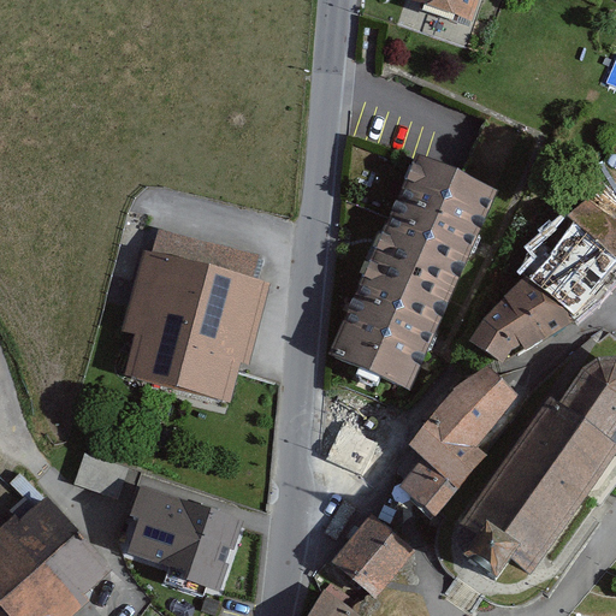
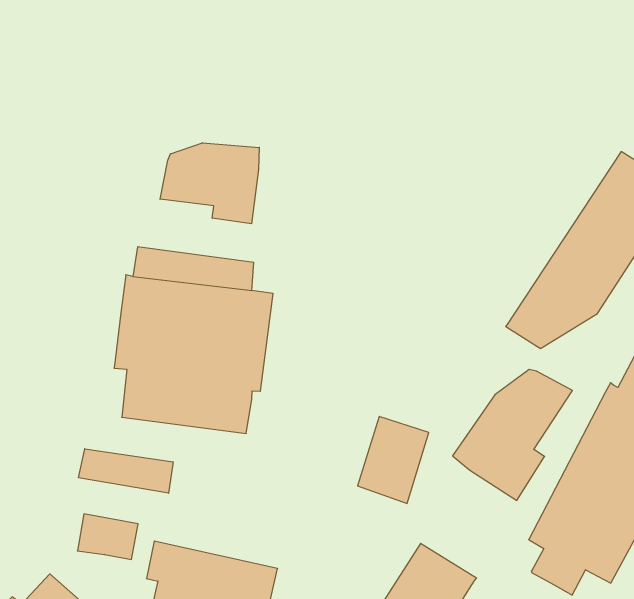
building: none -> [160,143,259,224]
building: [332,159,492,386] -> none
building: none -> [79,449,173,493]
building: [401,458,457,516] -> none

